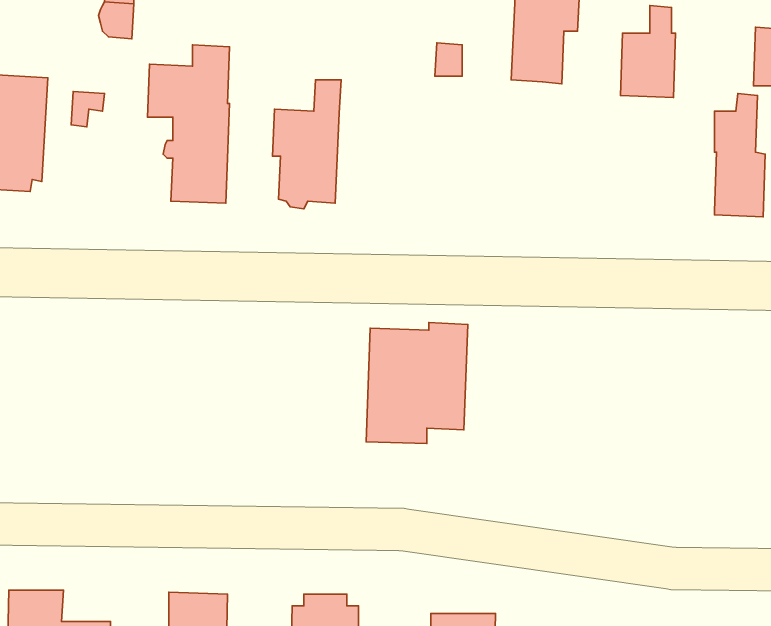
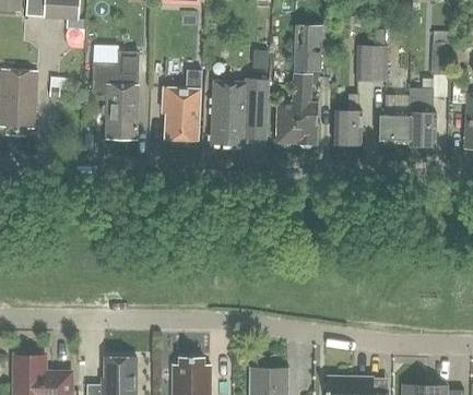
building: none -> [276,72,318,147]
building: none -> [334,94,363,145]
building: none -> [378,95,410,144]
building: [366,322,468,444] -> [211,77,268,145]

